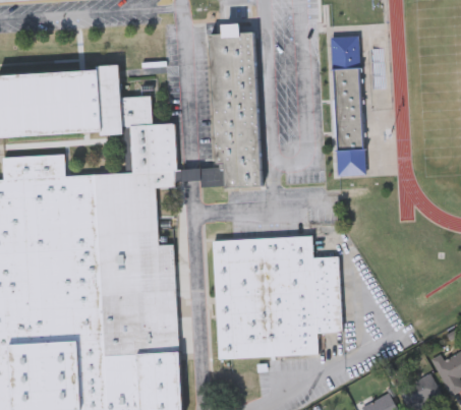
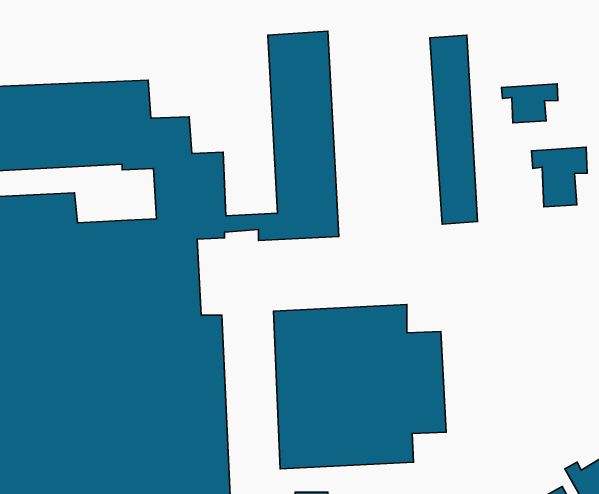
building: none -> [502,84,558,123]
building: none -> [532,147,587,207]

